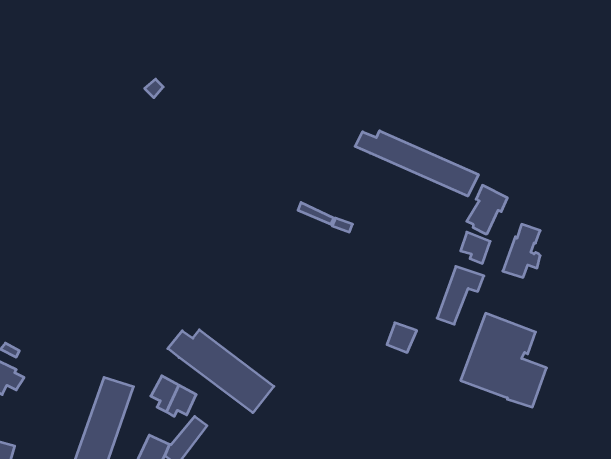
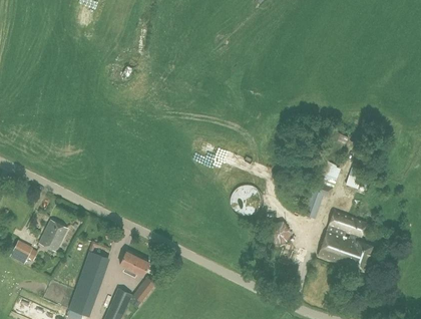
building: [355,131,478,196] -> none
building: none -> [39,220,67,252]
building: [168,330,274,413] -> none

